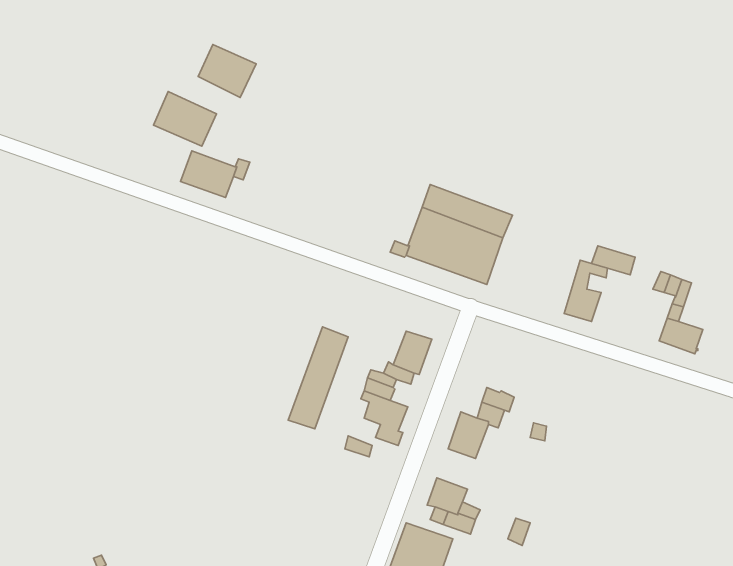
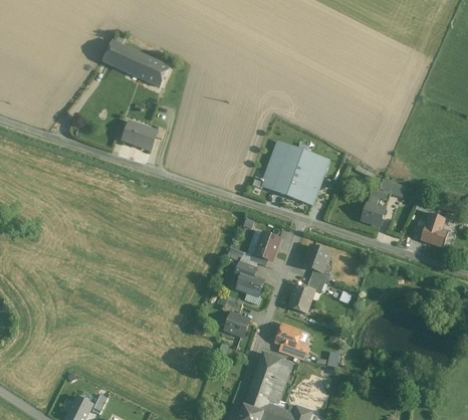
building: [154,91,216,146] -> [102,39,142,73]
building: [288,327,348,429] -> none
building: none -> [303,244,328,270]
building: none -> [224,311,249,336]

